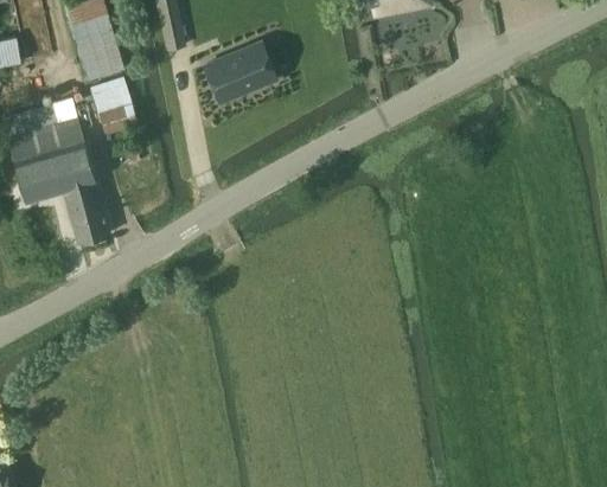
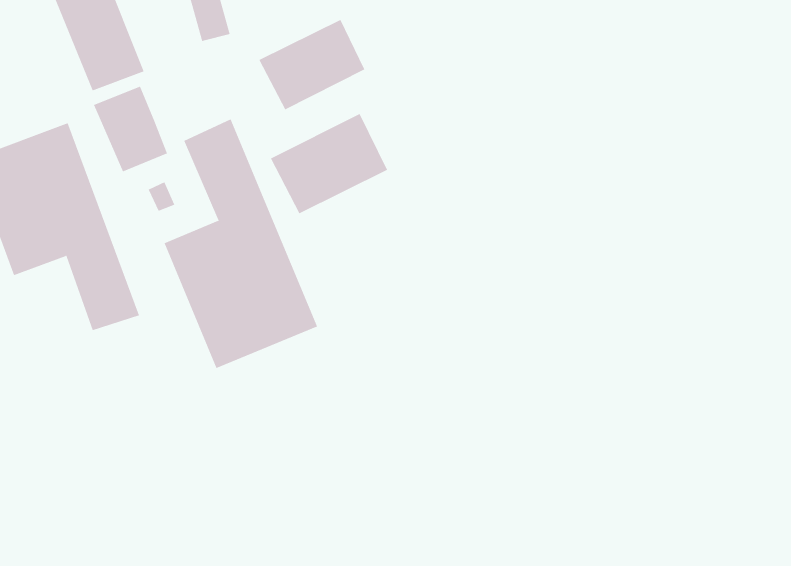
building: none -> [164,119,318,369]
building: none -> [270,113,388,214]

